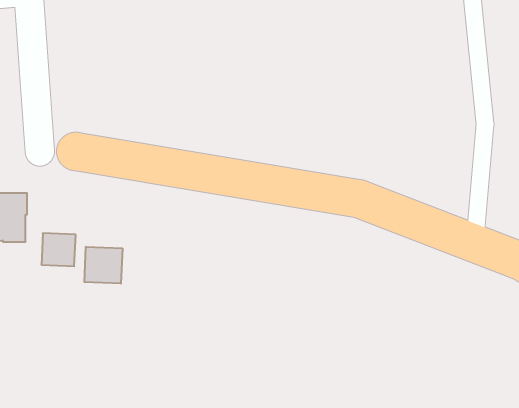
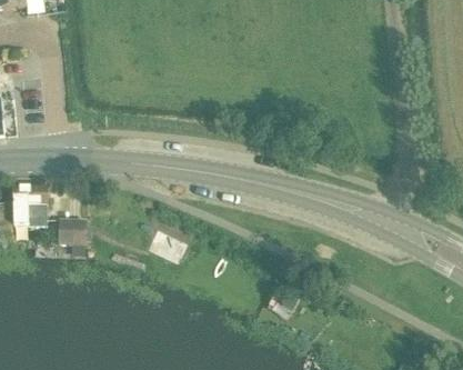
building: [84,247,122,284] -> none

